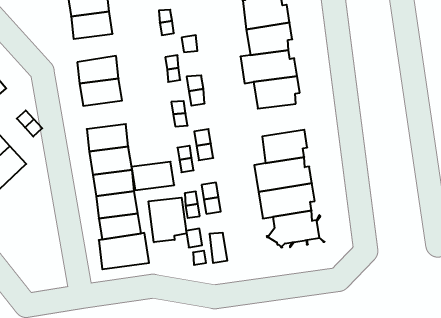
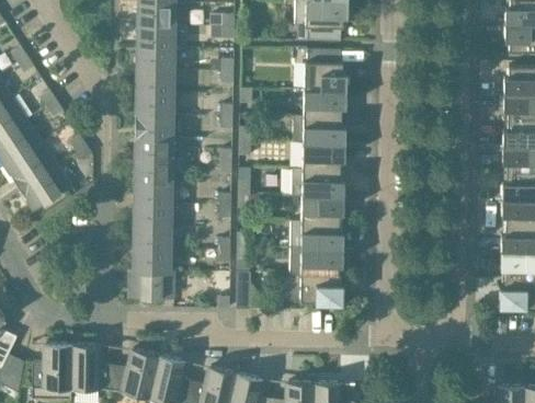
building: none -> [136,73,174,96]
building: none -> [291,169,344,196]
building: [132,162,174,190] -> [135,139,173,163]
building: [149,198,186,242] -> none

